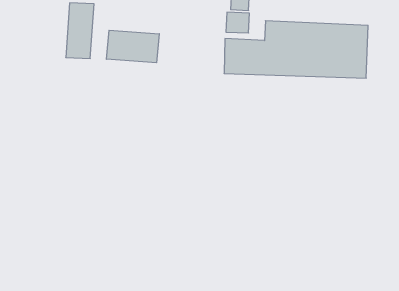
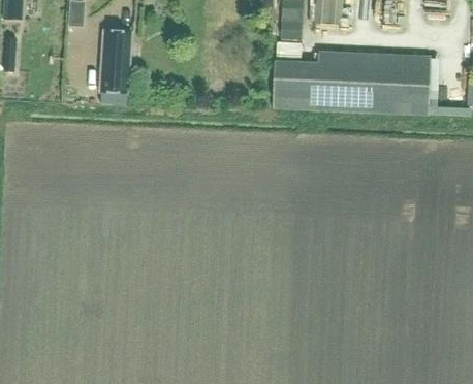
building: [106,30,159,63] -> none

